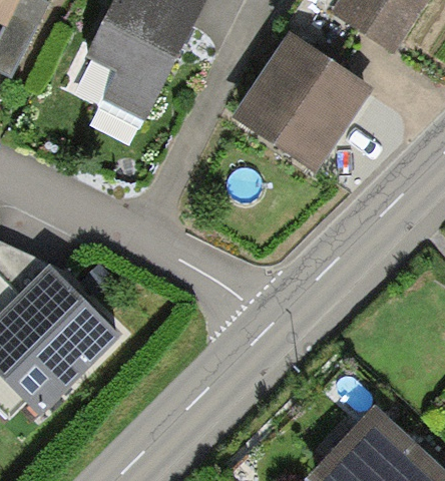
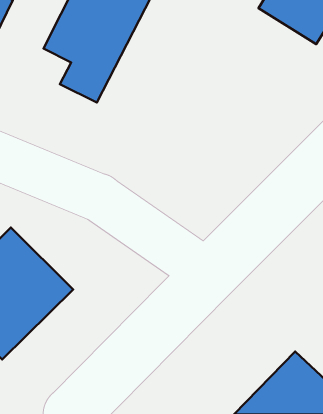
building: [230,30,376,177] -> none

